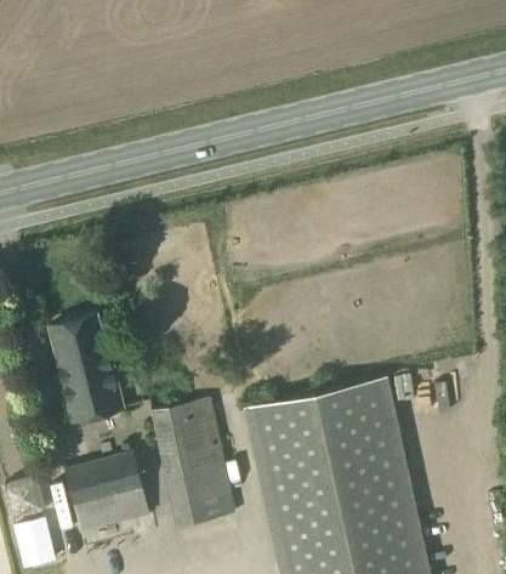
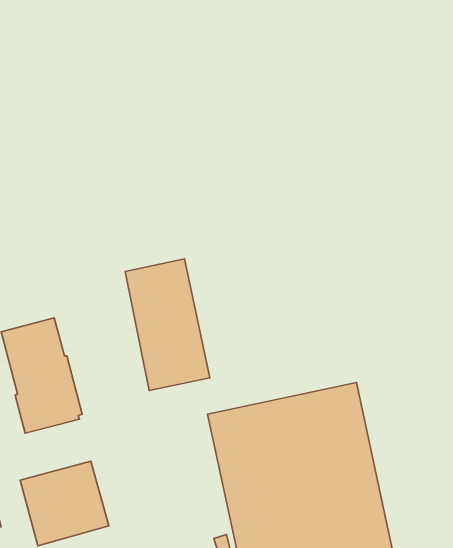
building: [153,400,234,527] -> [125,259,210,391]

